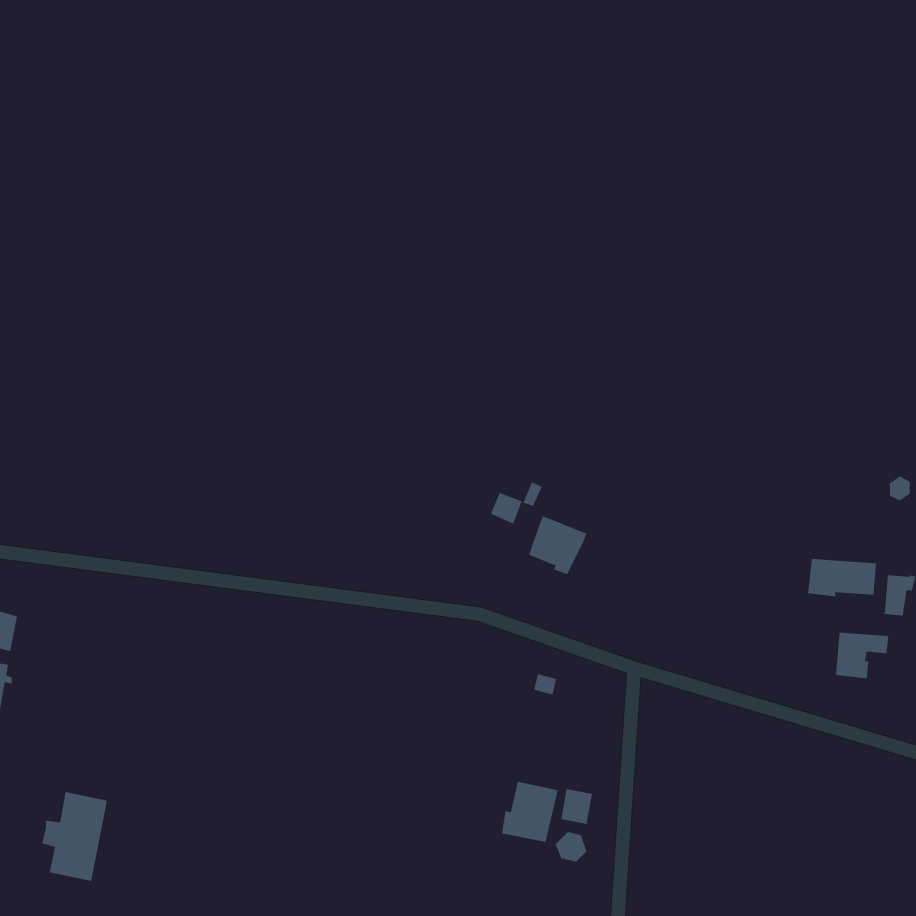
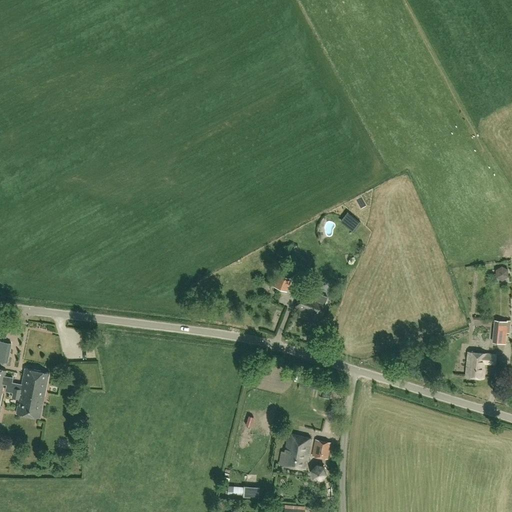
building: [808,558,877,597] -> none
building: [42,792,108,881] -> [11,369,48,419]

